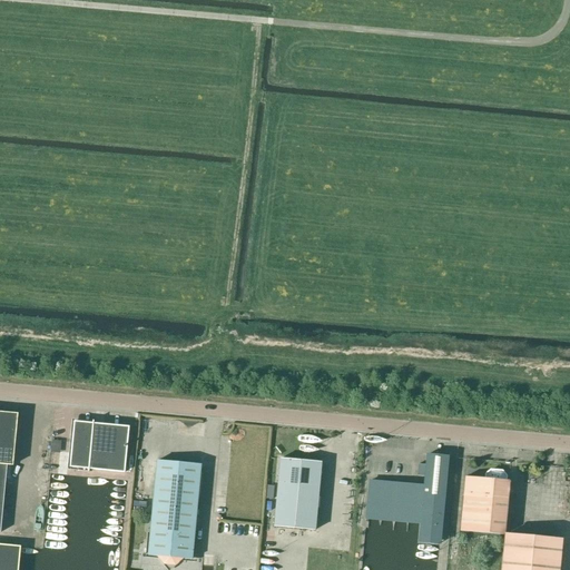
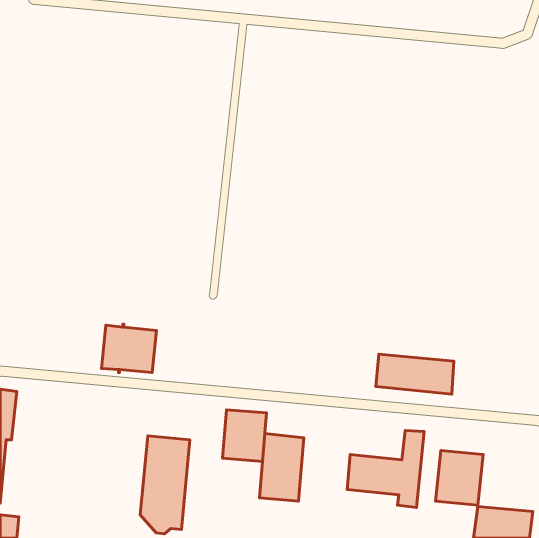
building: none -> [376,354,454,394]
building: [70,420,128,471] -> [102,324,156,373]
building: none -> [222,410,267,462]

